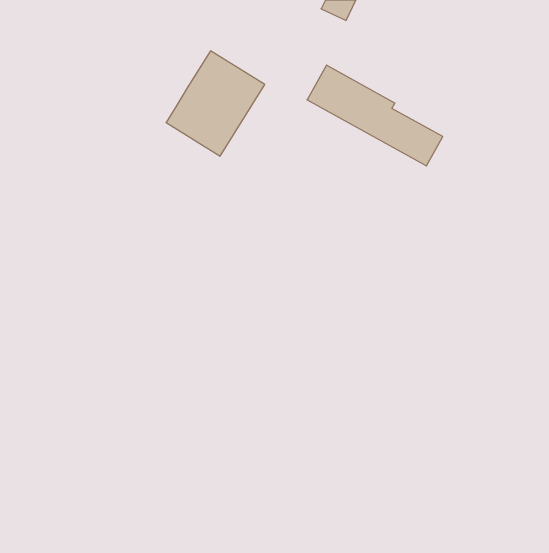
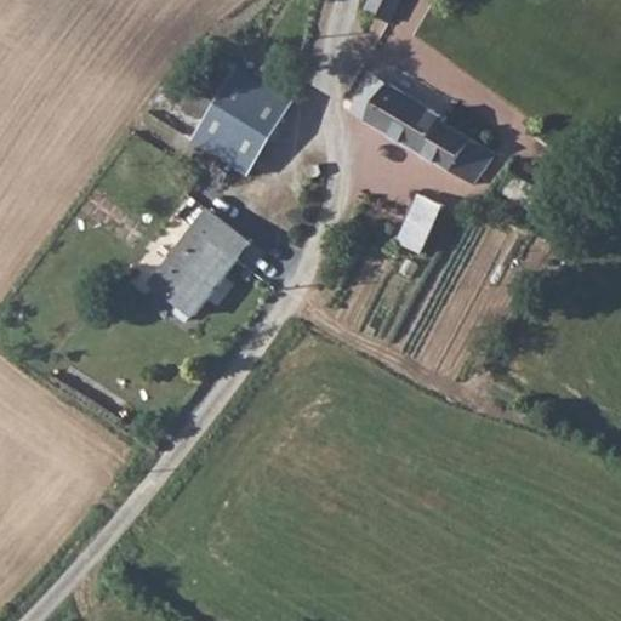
building: none -> [394,193,443,253]
building: none -> [146,211,247,318]

